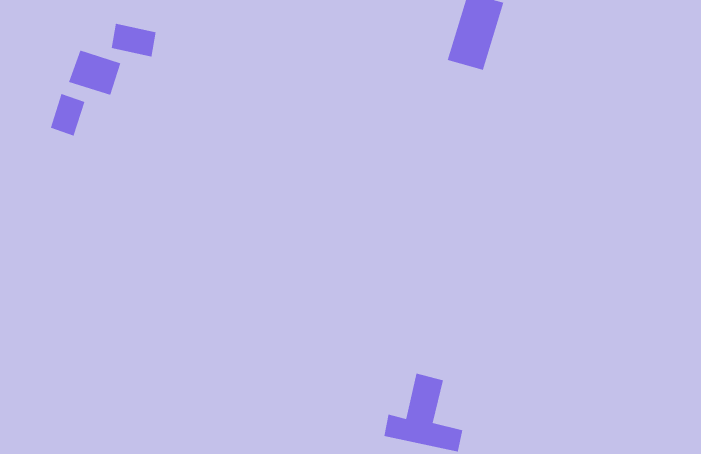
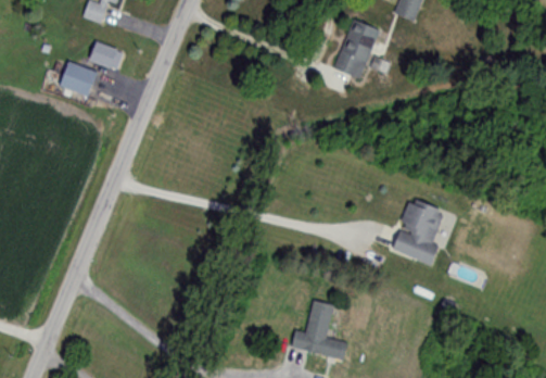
building: [50,93,85,137] -> none
building: none -> [391,198,449,265]

